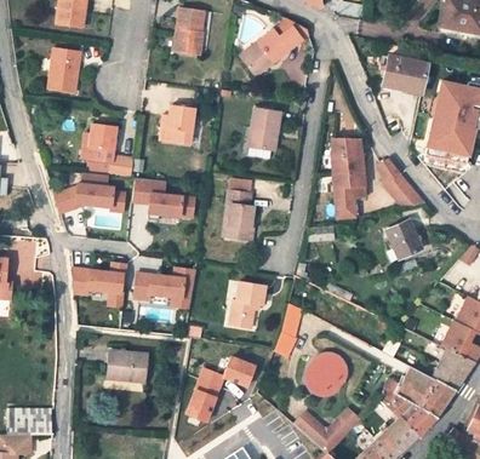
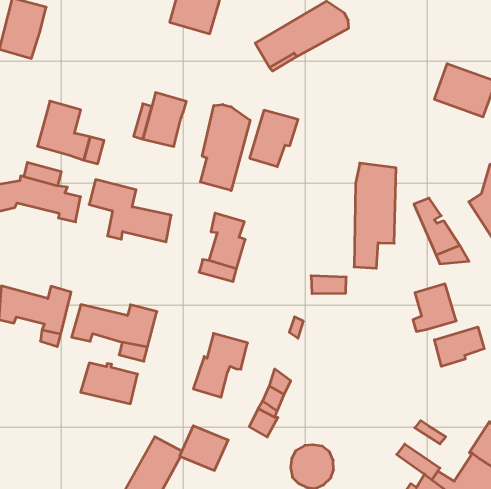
building: none -> [200,104,250,191]
building: none -> [434,327,484,366]
building: [105,349,147,377] -> [81,363,138,404]

